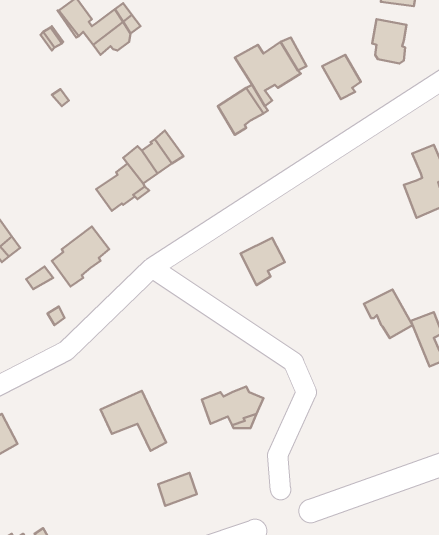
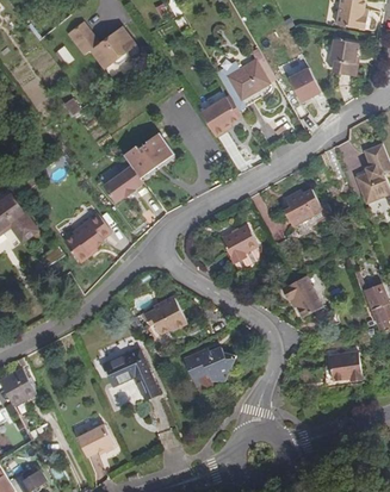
building: none -> [284,188,322,226]
building: [364,289,413,338] -> [280,275,321,316]
building: none -> [146,294,188,330]
building: none -> [328,349,363,381]
building: [158,473,197,506] -> [109,380,141,407]
building: none -> [75,423,113,456]

